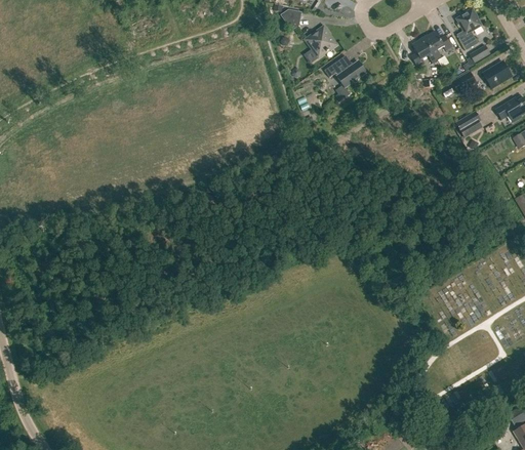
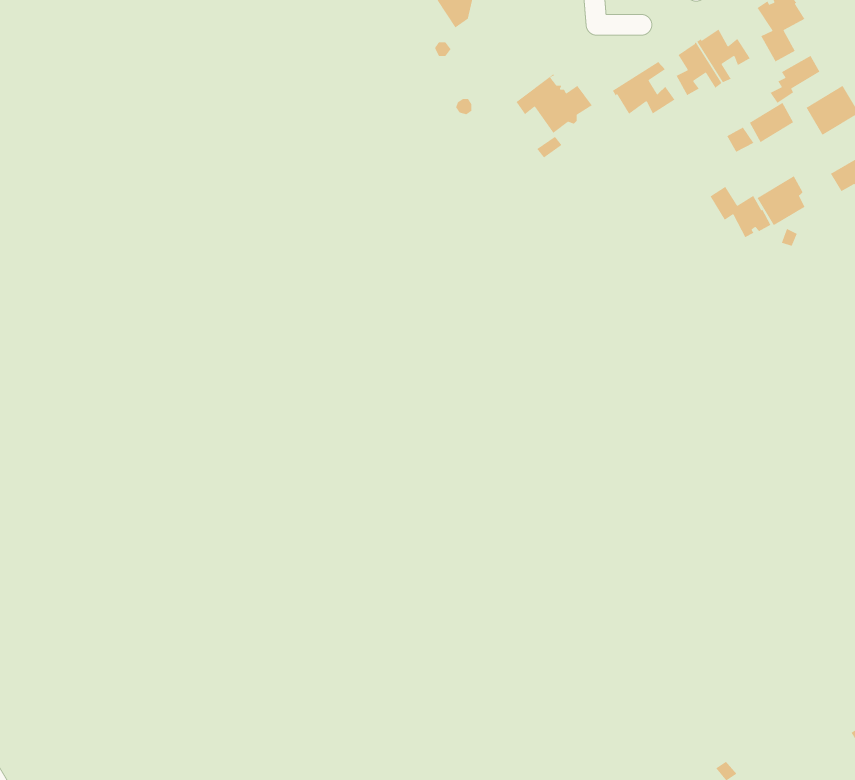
building: [302,27,336,63] -> none
building: none -> [612,61,675,115]
building: none -> [709,186,772,238]

